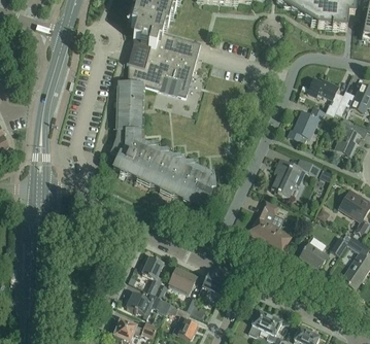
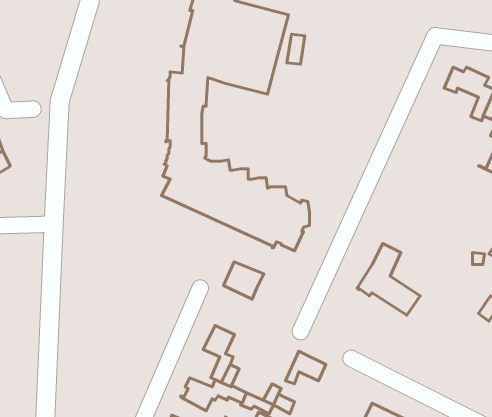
building: [288,106,325,142] -> none
building: [271,158,319,197] -> none
building: [299,241,328,268] -> none
building: [168,269,196,295] -> [224,262,264,299]

